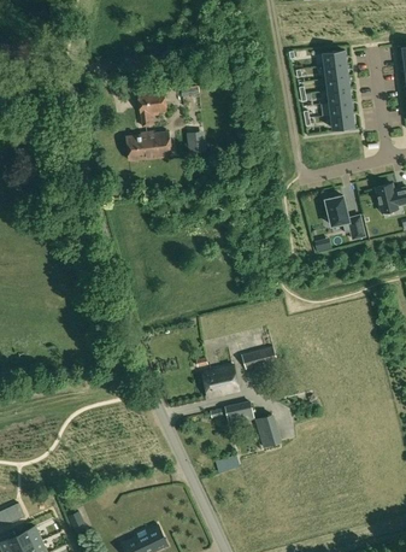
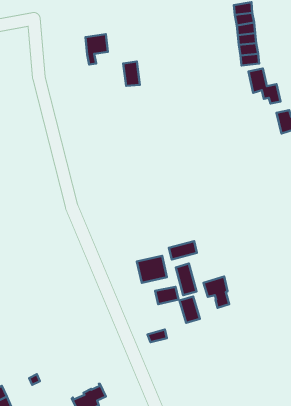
building: [125,131,171,160] -> none
building: [325,195,365,239] -> [248,69,280,104]
building: none -> [176,264,196,295]
building: none -> [204,277,229,308]

